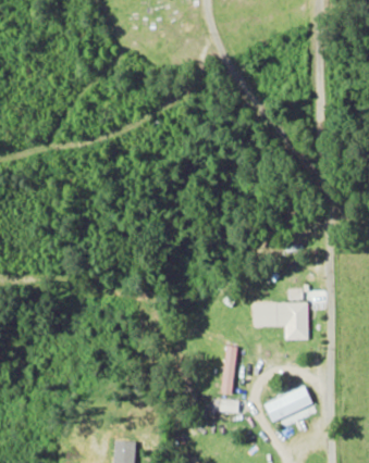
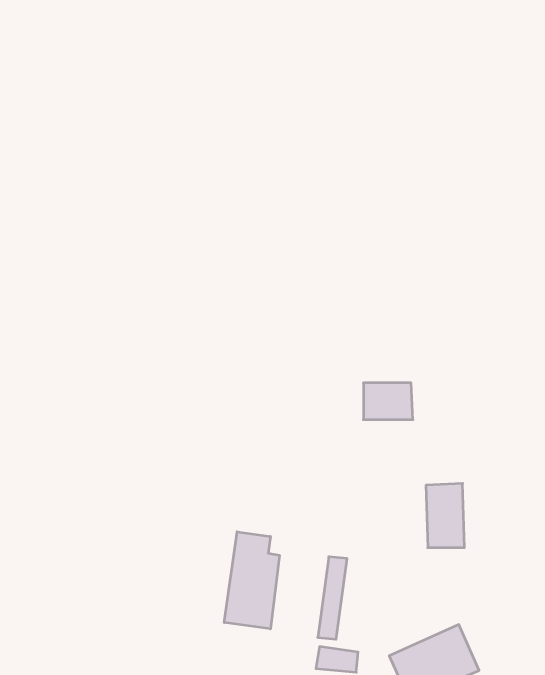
building: [255,303,284,325] -> [363,383,413,420]
building: none -> [224,532,279,629]

